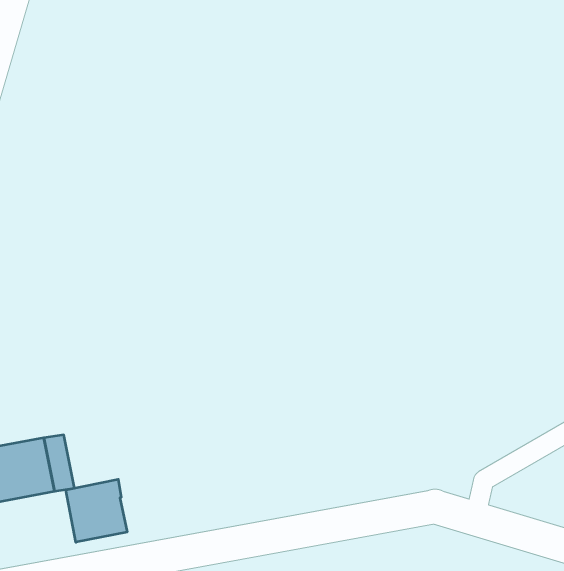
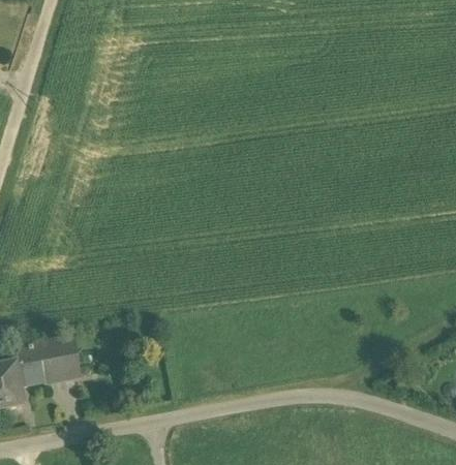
building: [66,479,127,542] -> none

